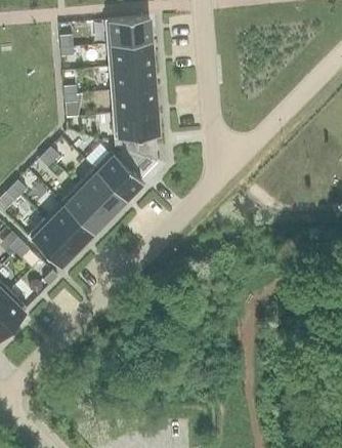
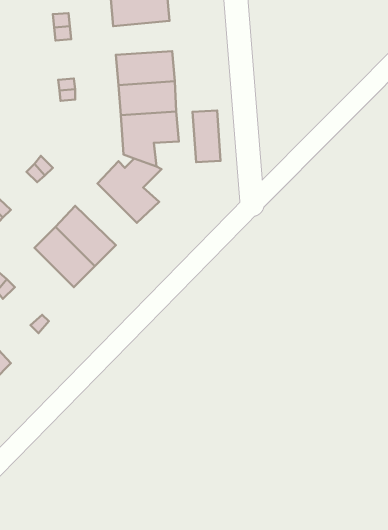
building: [108,42,154,69] -> none
building: none -> [193,110,221,162]
building: [78,169,126,217] -> none
building: [29,219,77,268] -> none

